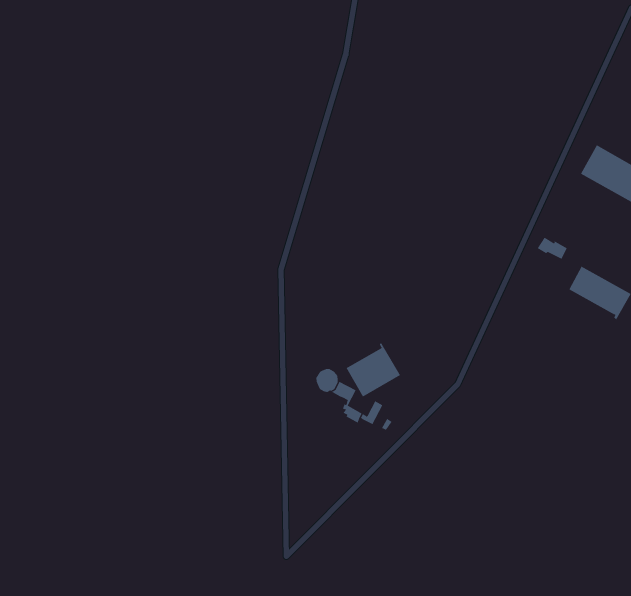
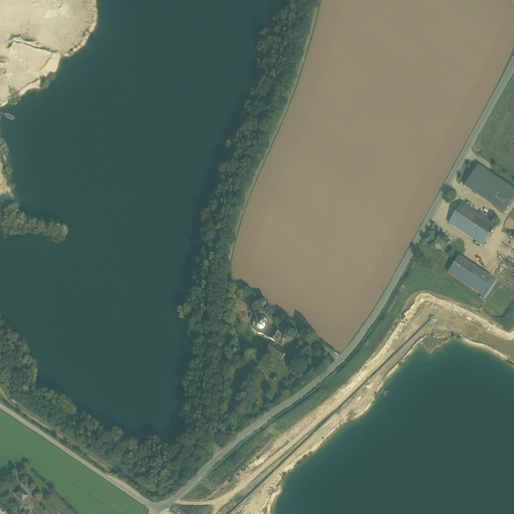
building: none -> [448,200,494,242]
building: [346,342,401,398] -> none

